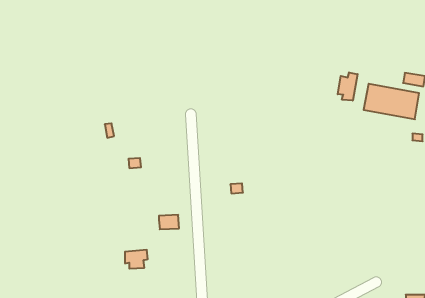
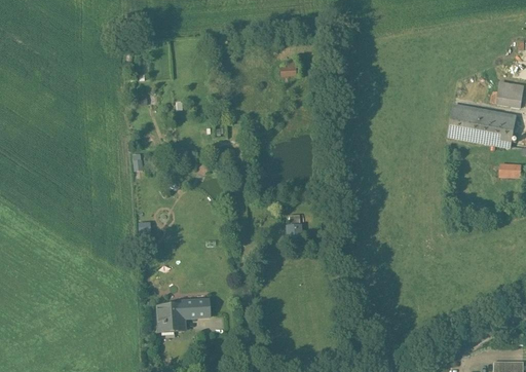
building: [338,72,358,101] -> none
building: [159,215,179,229] -> [184,299,209,317]

